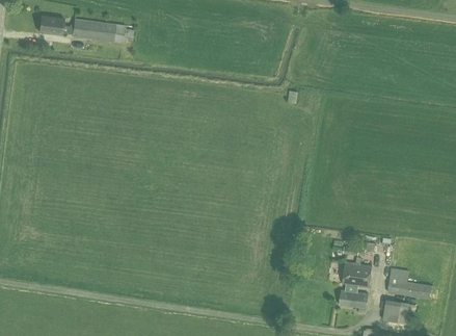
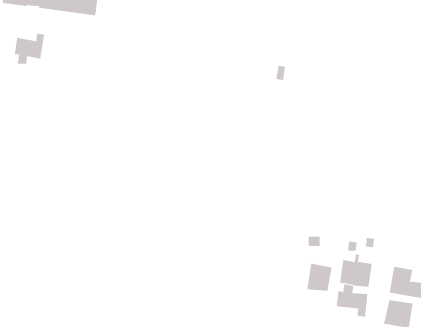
building: none -> [14,33,45,64]
building: none -> [307,263,332,292]

